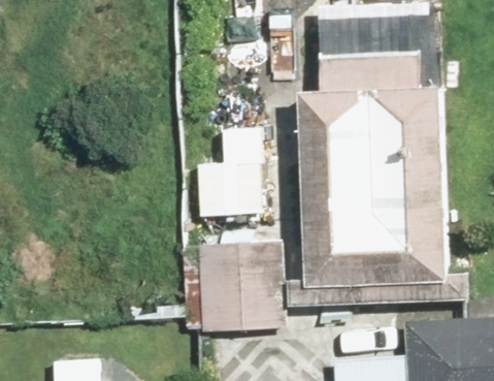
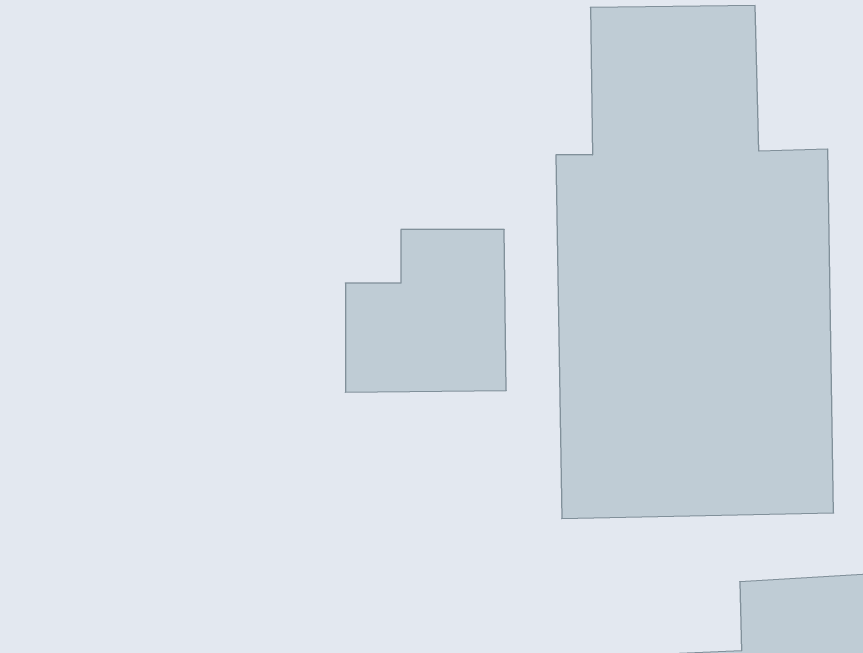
building: [196,245,285,332] -> none

